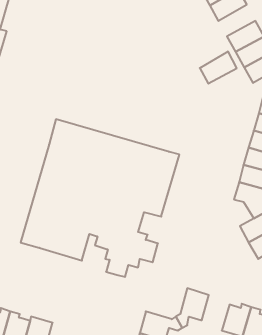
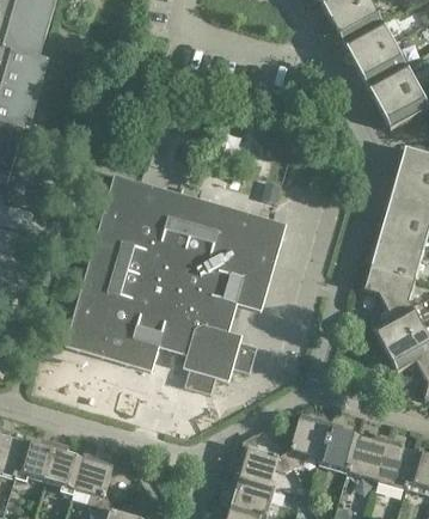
building: [200,52,237,84] -> [342,18,393,62]
building: none -> [317,421,357,470]

